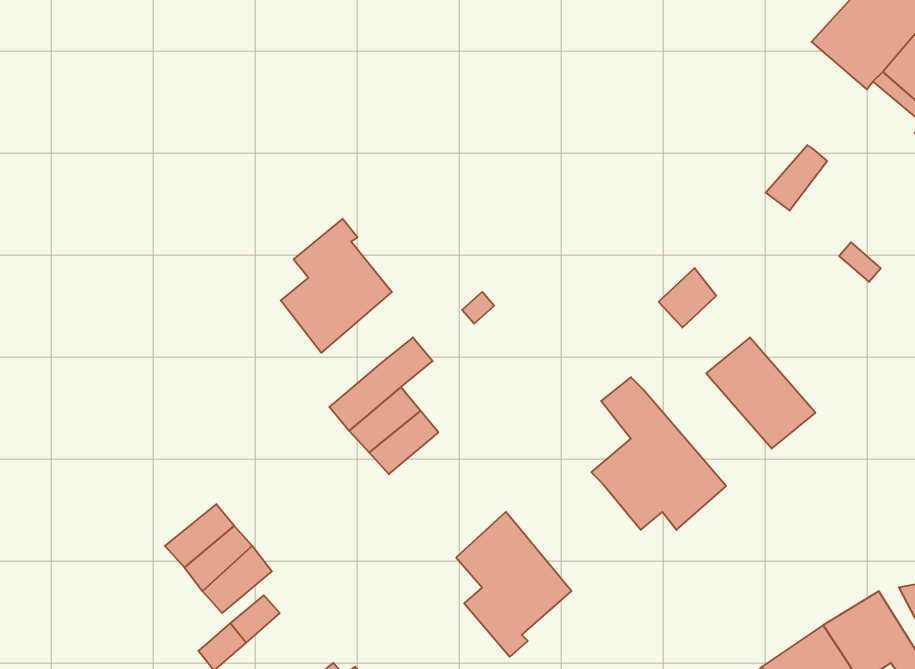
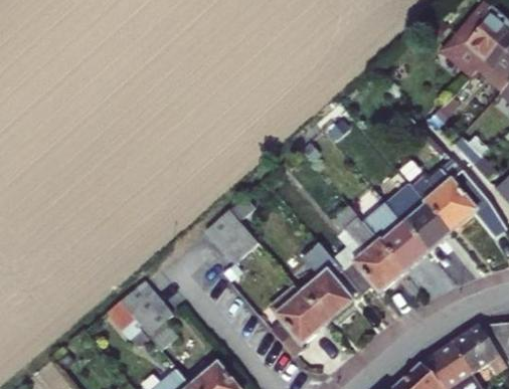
building: [281,219,392,353] -> none
building: none -> [414,172,488,234]
building: none -> [361,203,427,271]
building: none -> [289,259,360,325]

